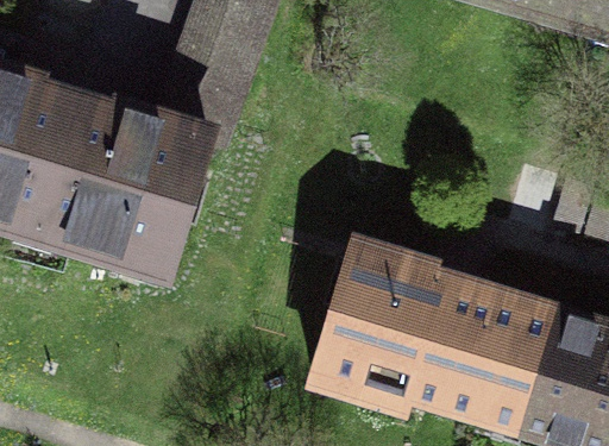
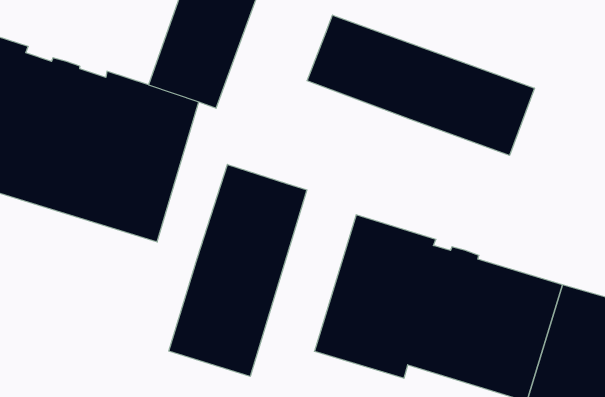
building: none -> [307,15,534,155]
building: none -> [169,164,307,376]

